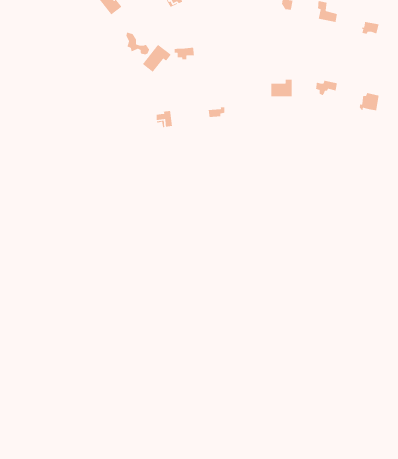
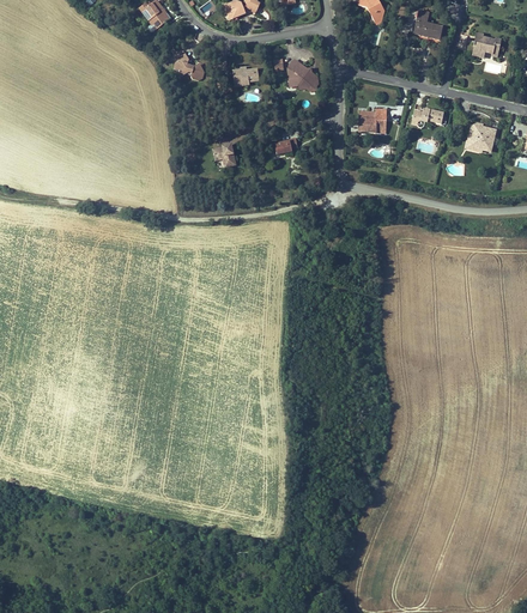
building: none -> [287,59,319,91]
building: [142,44,172,73] -> none

